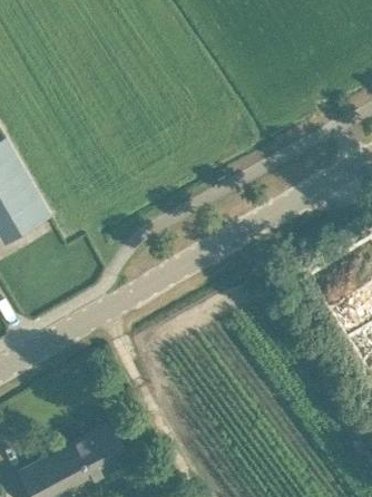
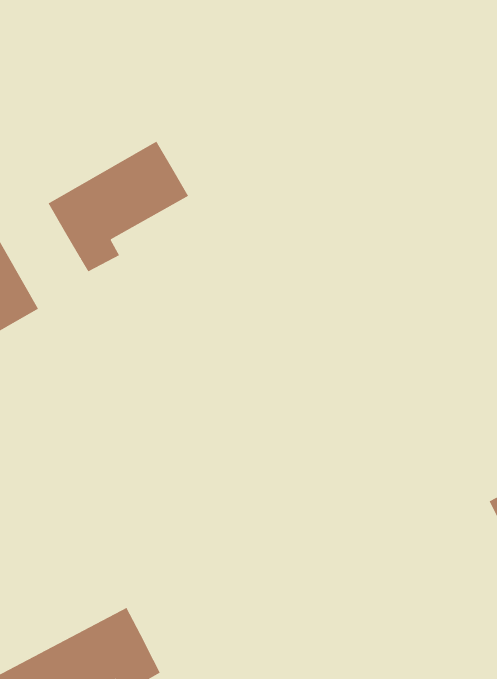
building: none -> [48,141,189,272]

